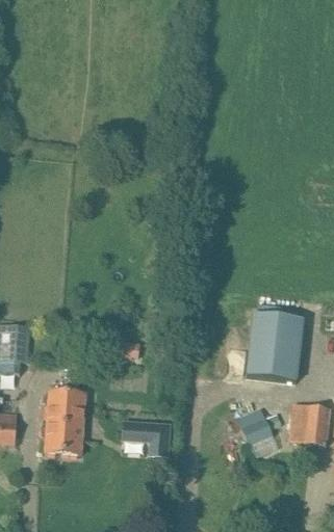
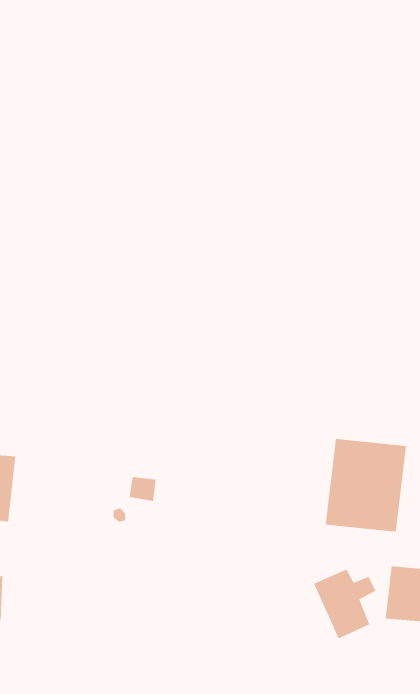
building: [42,392,85,454] -> none
building: [123,417,172,453] -> none

